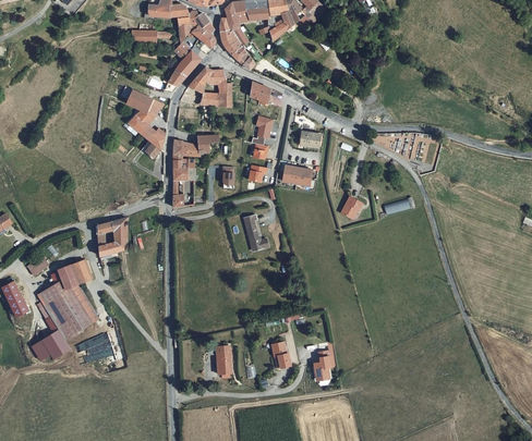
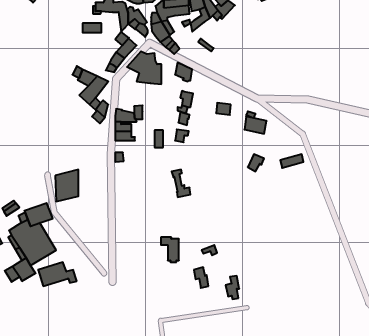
building: [282,164,311,186] -> [244,117,267,134]
building: [207,344,230,376] -> [161,237,179,262]

